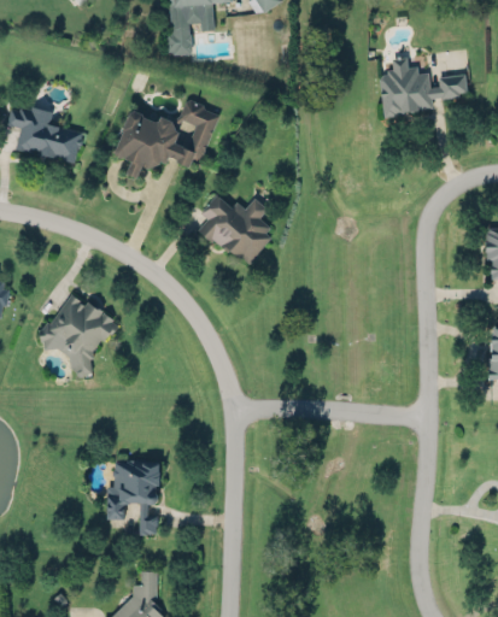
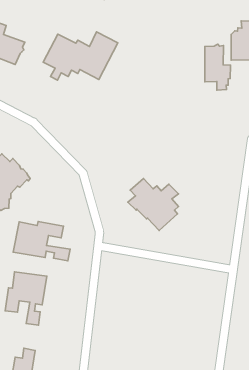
building: none -> [205,44,231,90]
building: [198,193,271,265] -> [128,178,178,231]
building: none -> [13,221,70,261]

